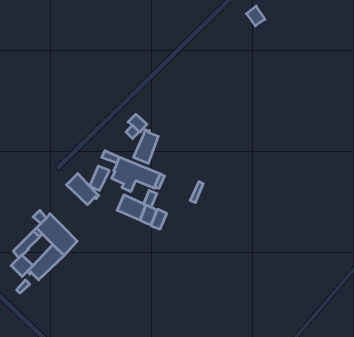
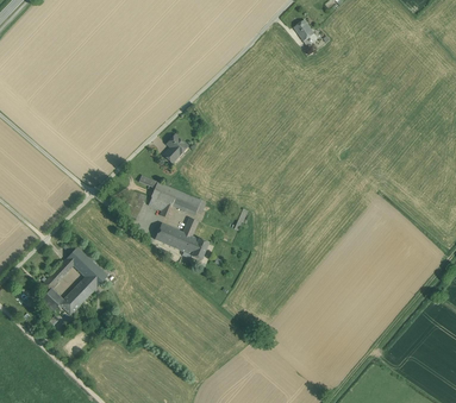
building: [134,130,158,163] -> none
building: [66,173,99,205] -> none

